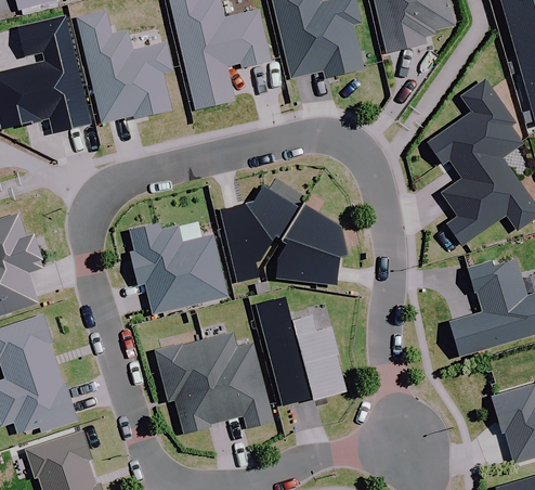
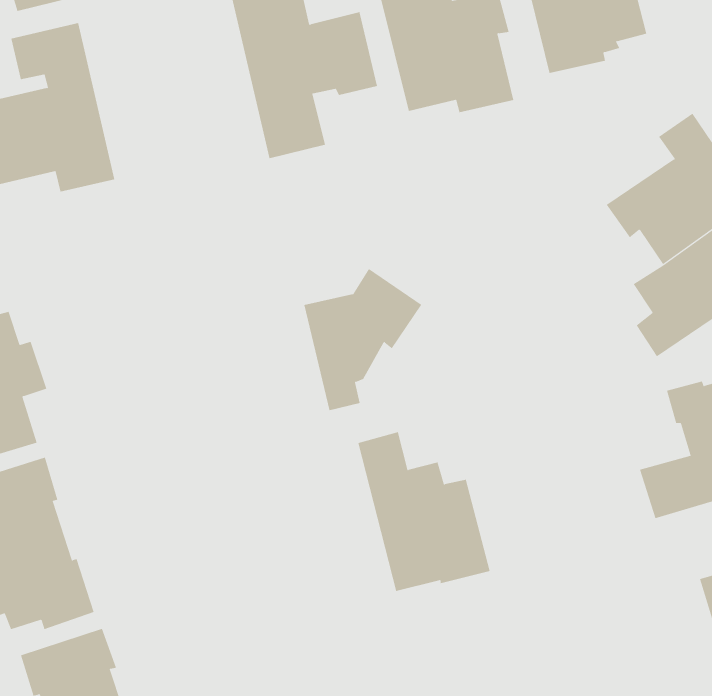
building: [76,10,172,121] -> none
building: [276,203,345,284] -> none
building: [129,222,227,314] -> none
building: [155,333,272,434] -> none

